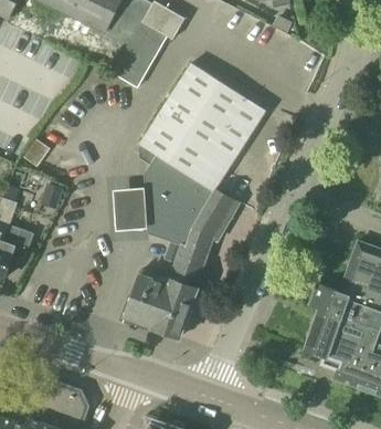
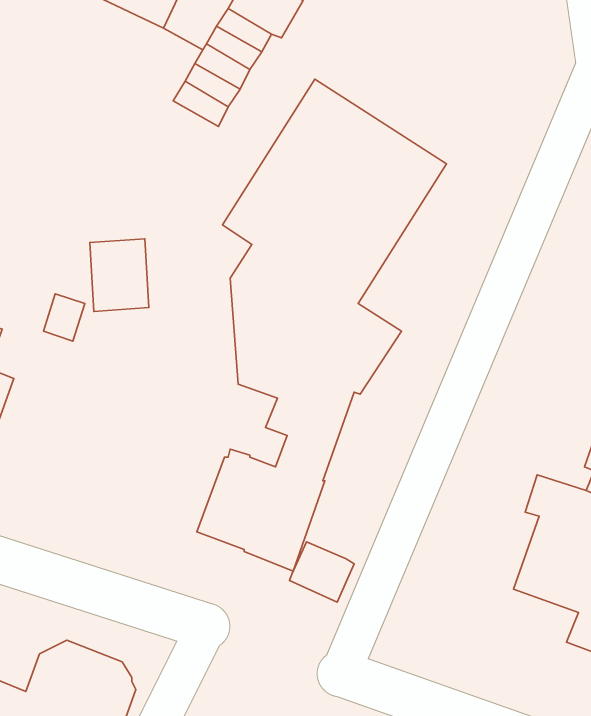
building: [113,187,146,228] -> [90,239,149,312]
building: none -> [290,542,354,602]

